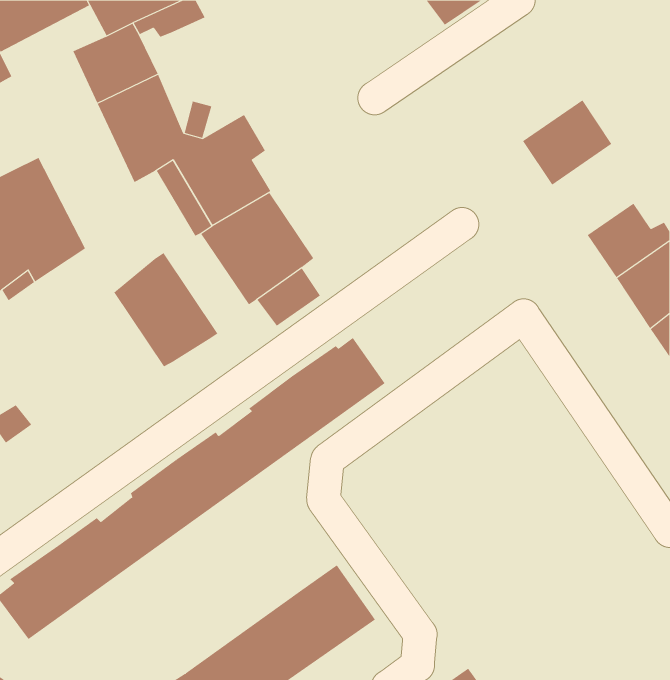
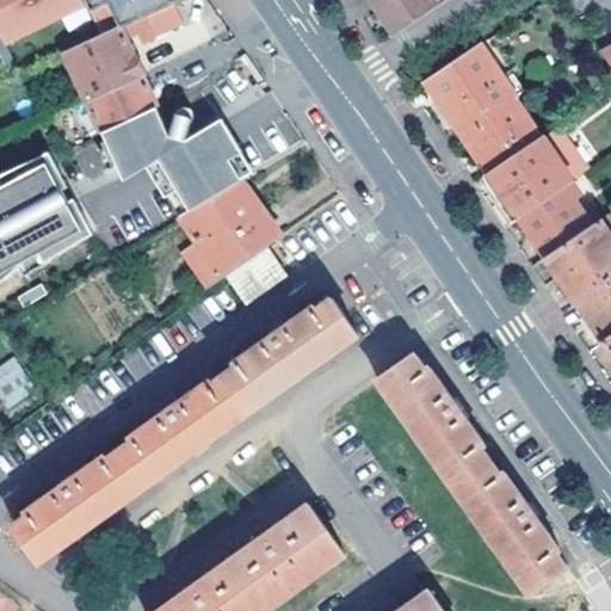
building: none -> [426,39,518,131]
building: none -> [488,125,590,215]
building: [113,252,218,367] -> none
building: none -> [378,358,566,597]

